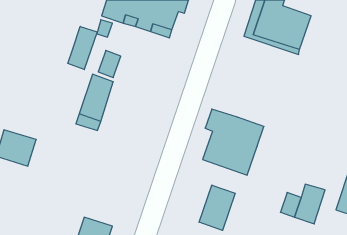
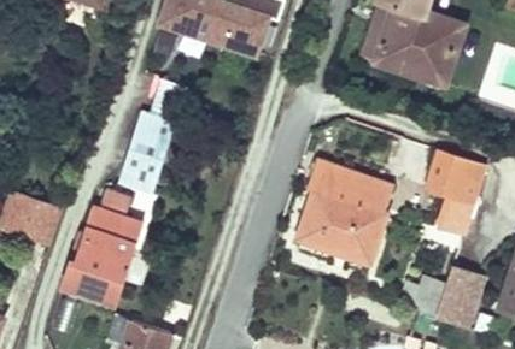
building: [68,26,97,70] -> none
building: none -> [427,150,486,236]
building: none -> [62,189,142,303]
building: [199,185,235,230] -> none

